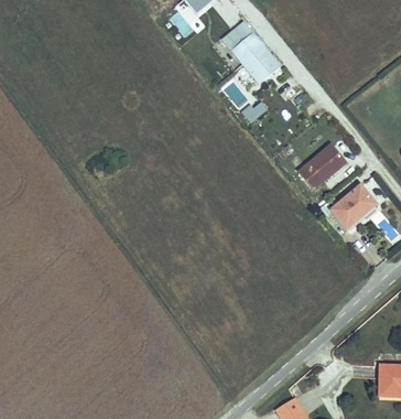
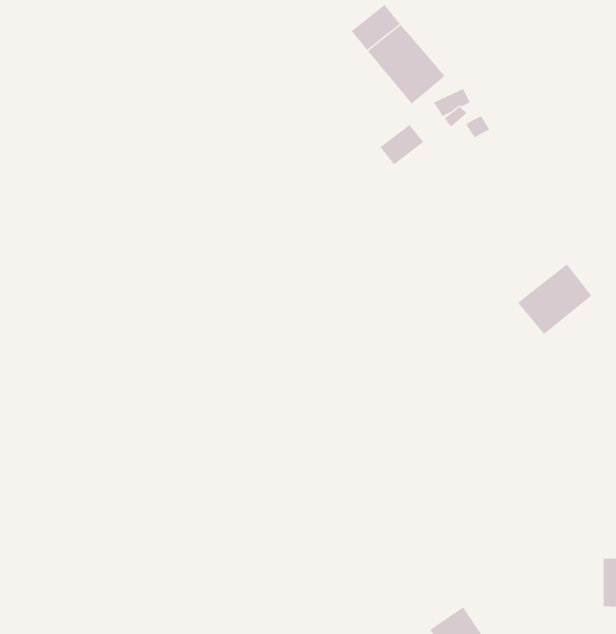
building: [295,141,345,189] -> none

